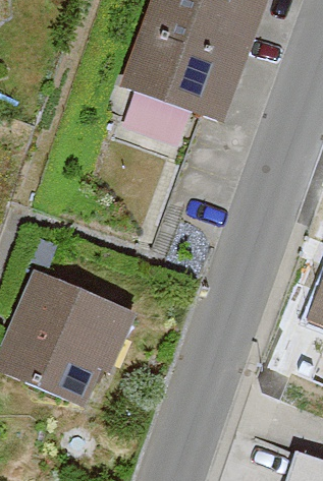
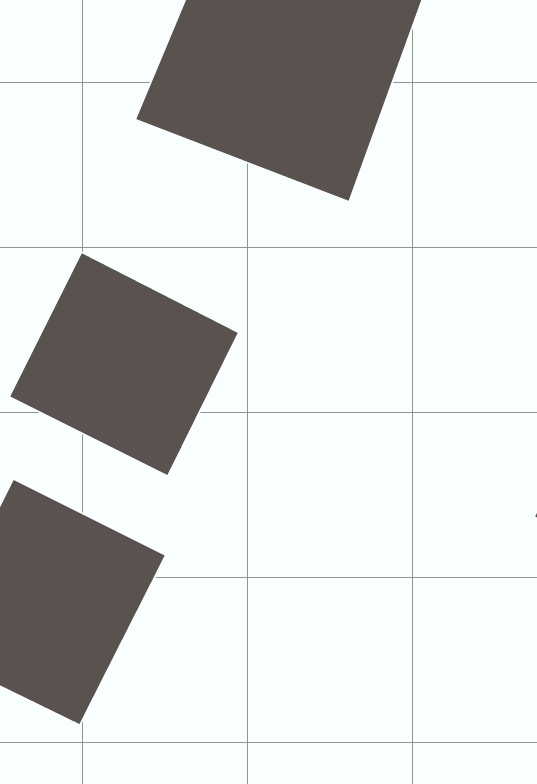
building: none -> [9,252,239,476]

